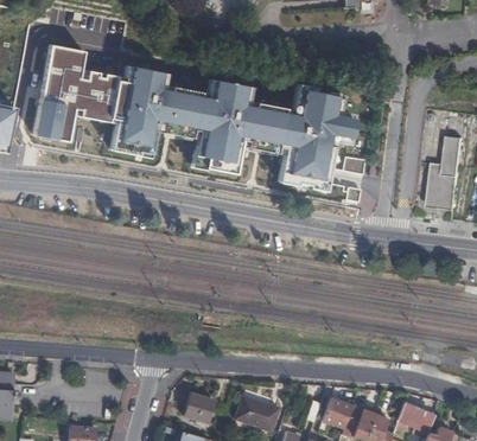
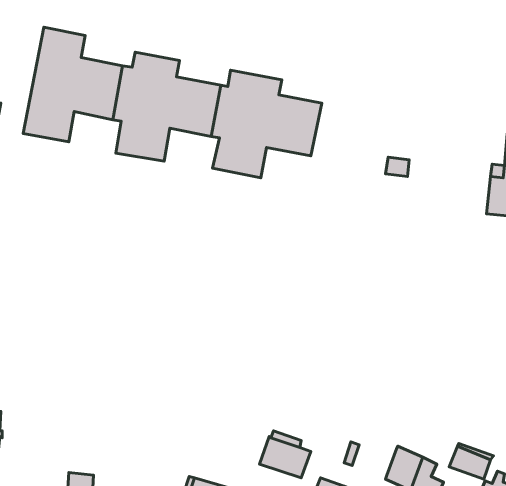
building: [278,88,360,193] -> none
building: [183,392,214,422] -> none
building: [322,397,351,428] -> none

